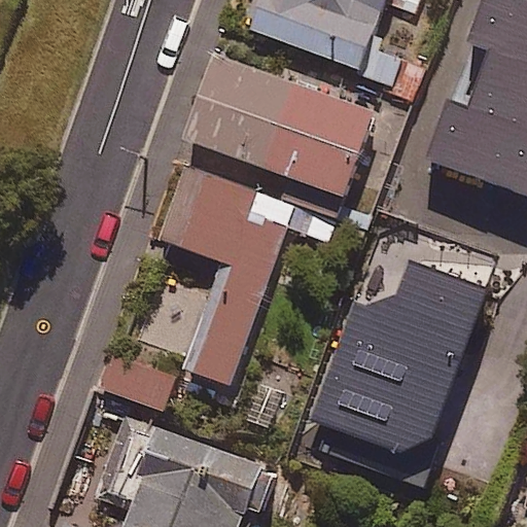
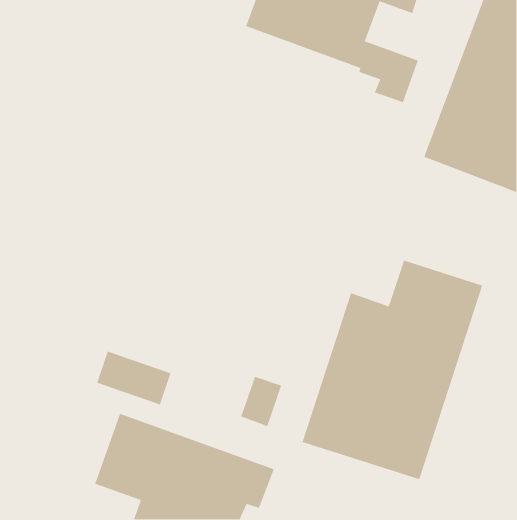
building: [186,56,375,197] -> none
building: [160,168,330,384] -> none

